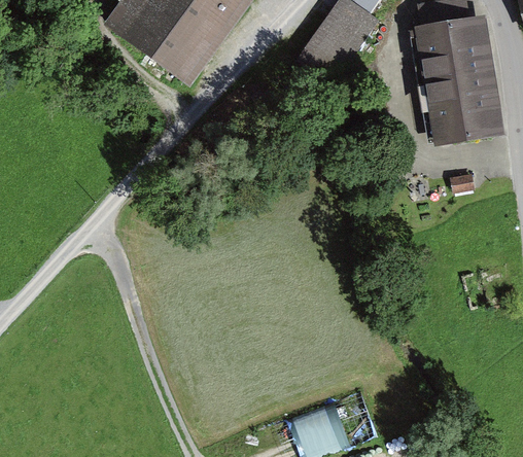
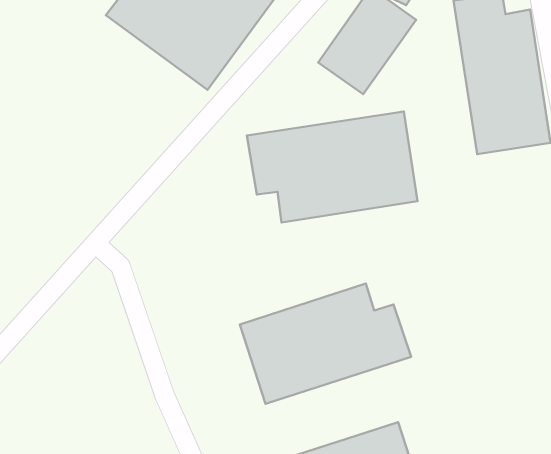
building: none -> [247,112,418,222]
building: none -> [240,283,411,404]

